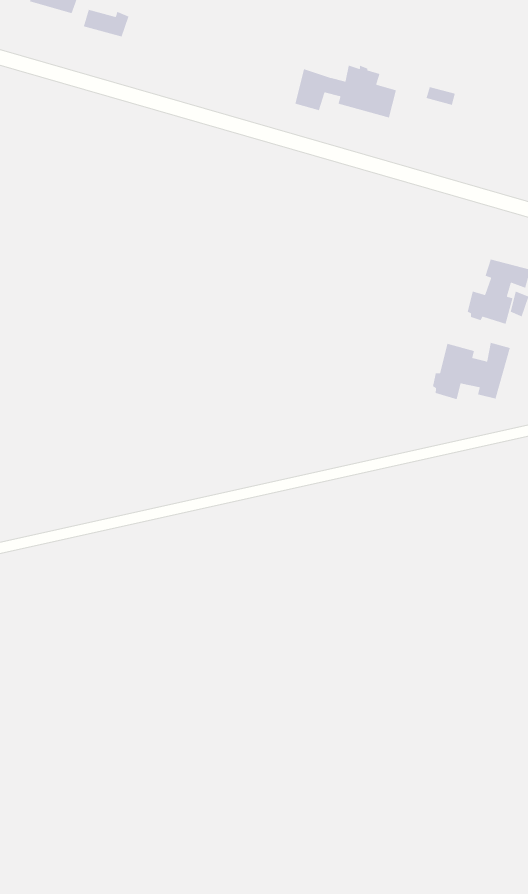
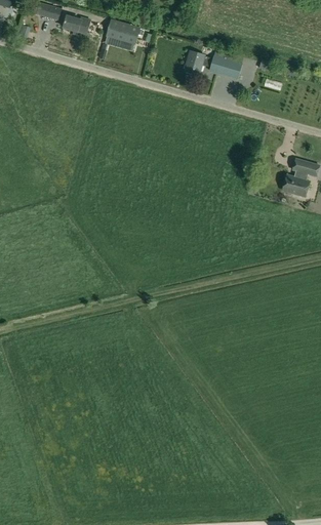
building: none -> [107,19,141,44]
building: [432,342,511,400] -> none

